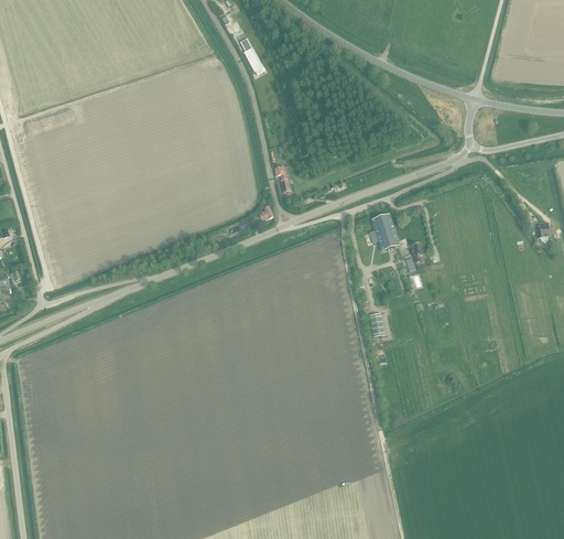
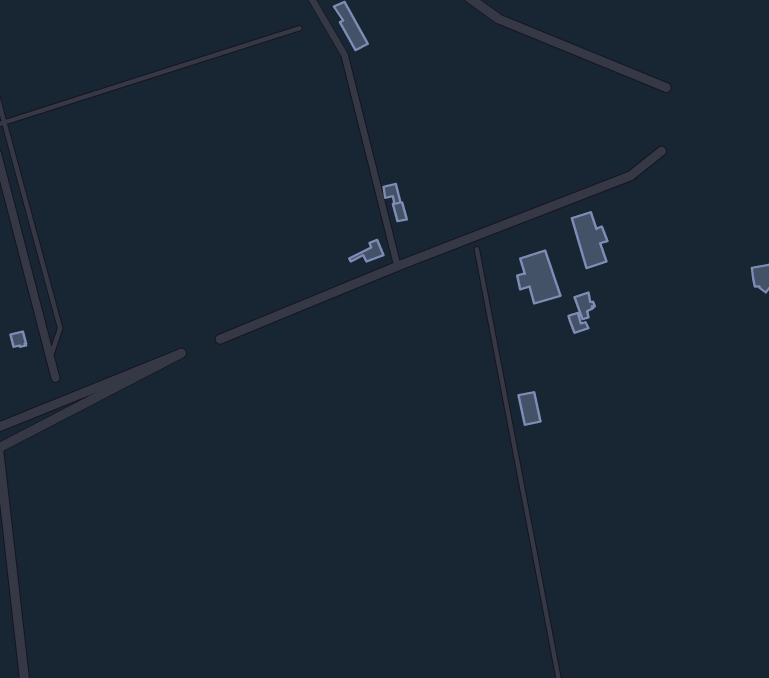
building: none -> [572,212,607,268]

